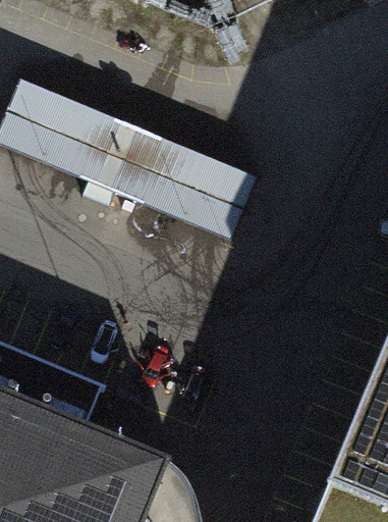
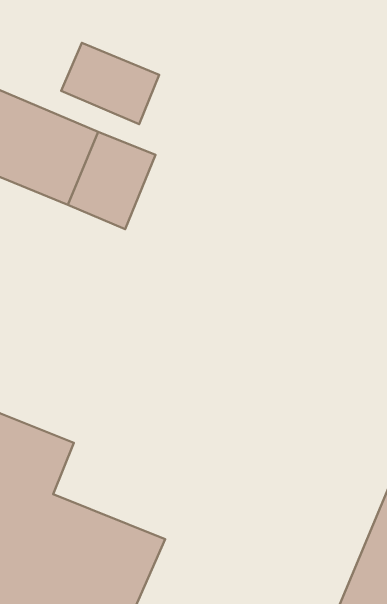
building: none -> [61,43,159,124]
building: [137,140,258,242] -> none

